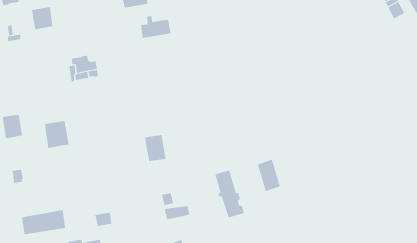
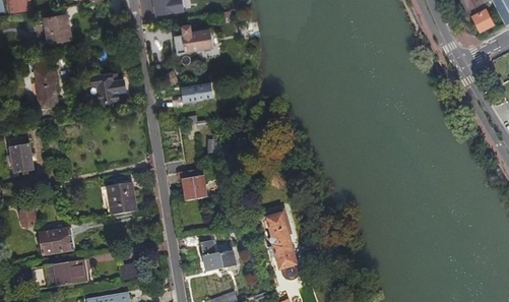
building: none -> [34,61,57,107]
building: none -> [180,79,212,100]
building: [44,121,69,148] -> [107,181,137,215]
building: [257,159,280,192] -> none
building: none -> [39,229,62,253]

